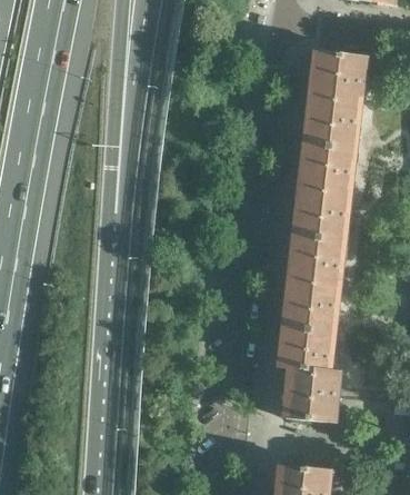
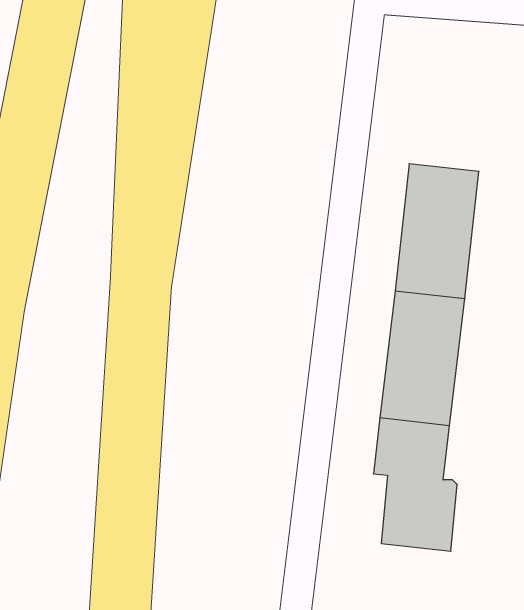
building: [304,51,366,149] -> none

